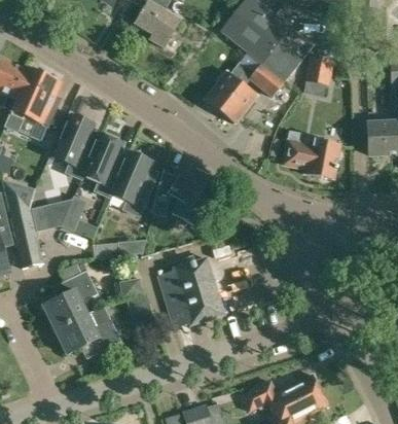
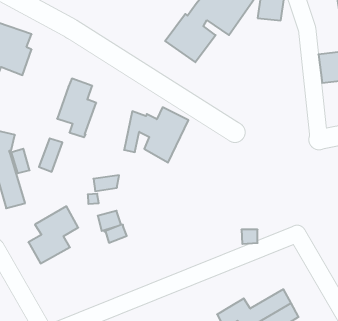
building: [56,115,97,179] -> none
building: [284,132,339,179] -> none
building: [111,150,158,216] -> none
building: [158,257,224,327] -> none
building: [55,306,121,354] -> none

